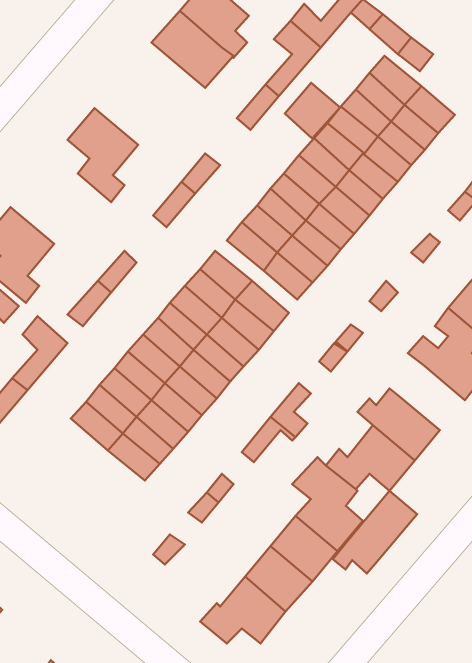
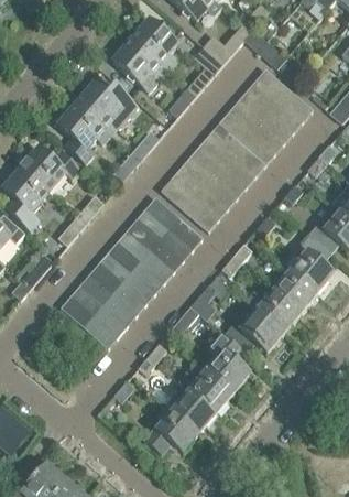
building: none -> [76,80,139,133]
building: [285,83,340,138] -> none
building: none -> [21,145,83,191]
building: none -> [275,270,319,313]
building: [333,491,417,573] -> none

